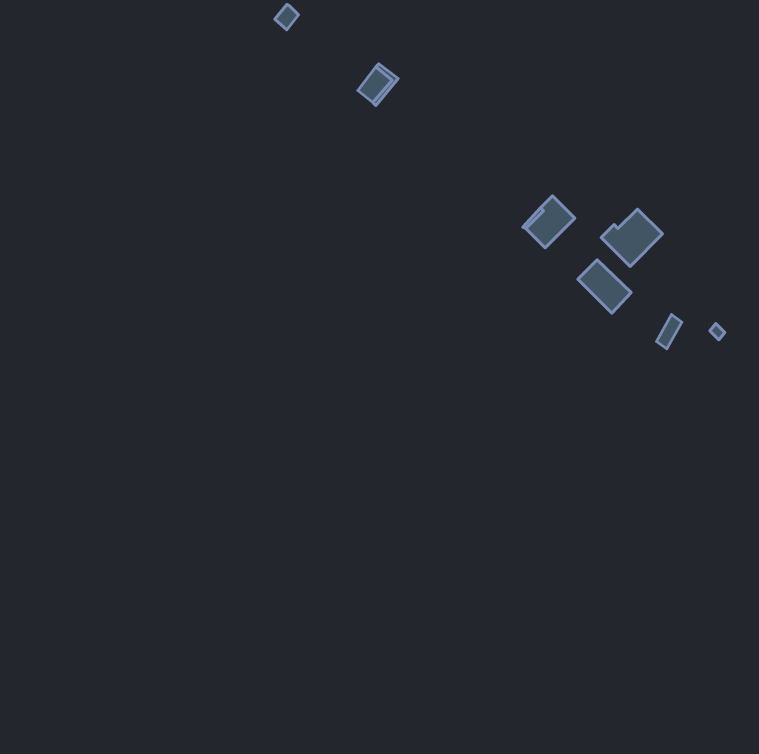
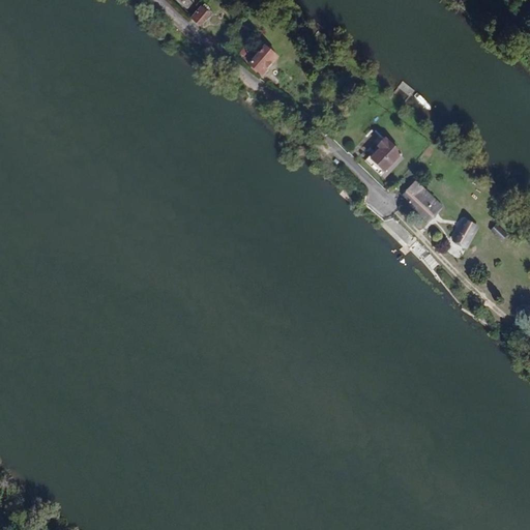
building: [601,209,662,266] -> none

